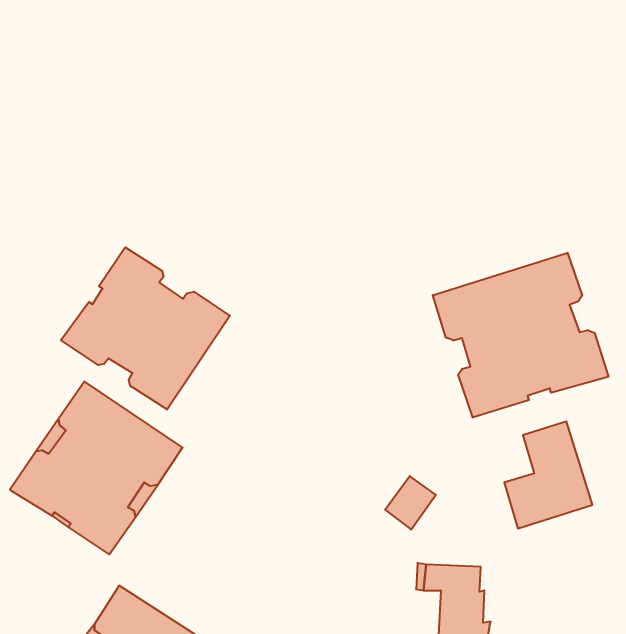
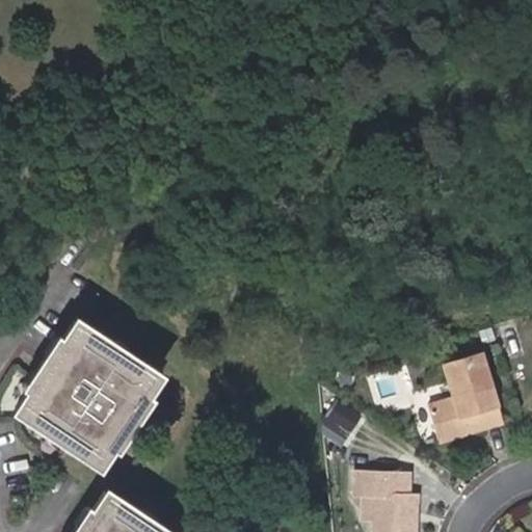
building: [61,247,230,410] -> none
building: [433,253,608,418] -> none

